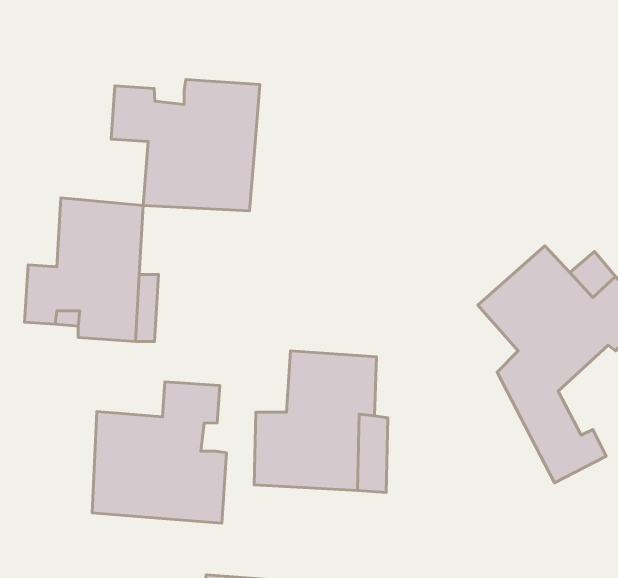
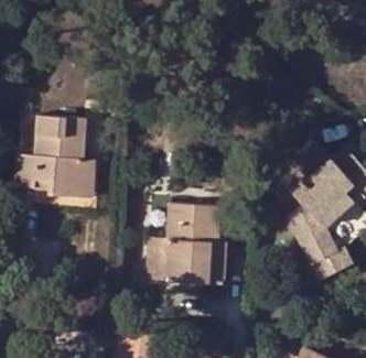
building: [111,80,260,211] -> none
building: [92,382,227,523] -> none

